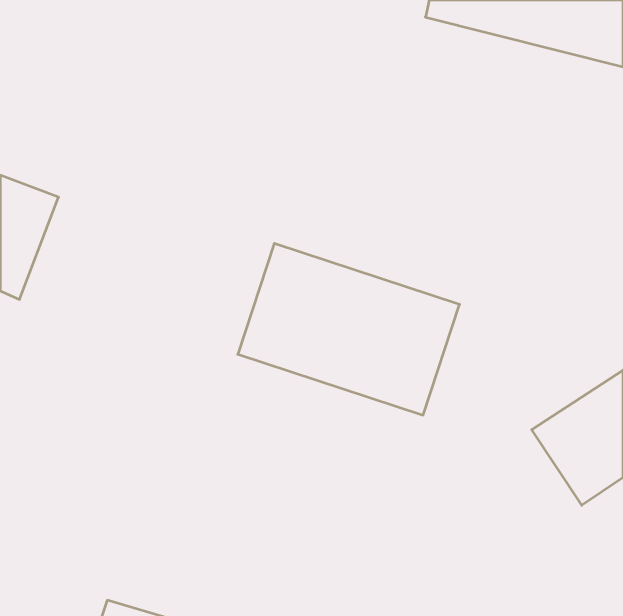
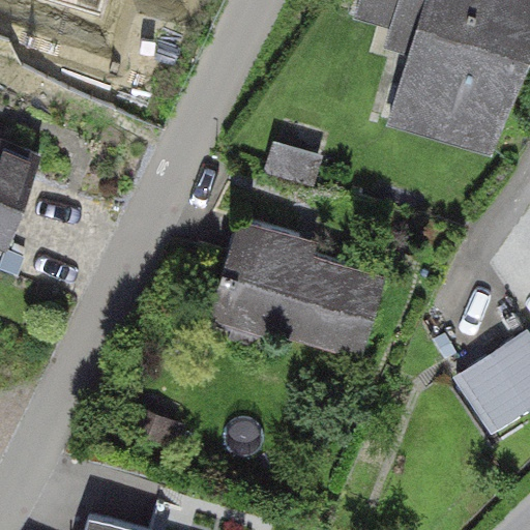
building: none -> [381,37,517,184]

